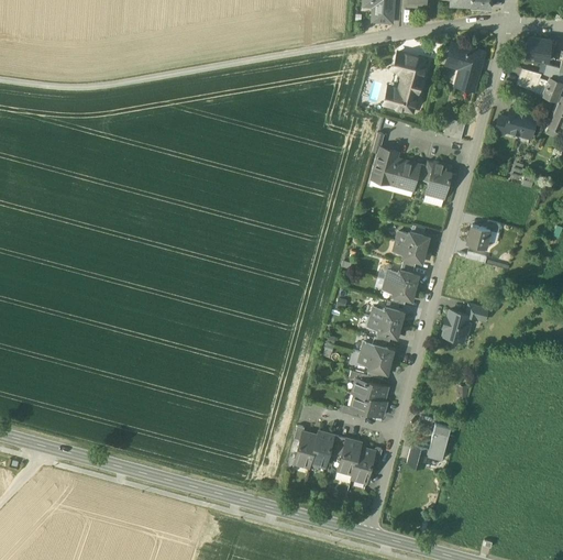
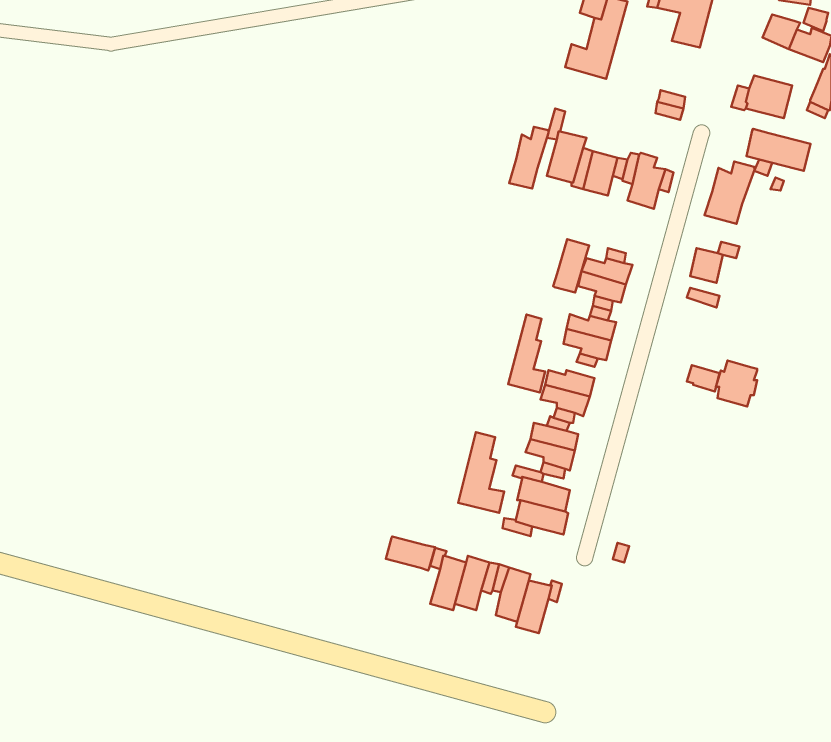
building: none -> [509,127,548,188]
building: none -> [746,129,811,171]
building: none -> [705,161,755,224]
building: none -> [553,239,589,293]
building: none -> [508,315,545,393]
building: [442,310,470,341] -> [716,360,757,407]
building: none -> [458,432,504,513]
building: none -> [386,537,435,570]
building: [407,425,450,468] -> none

